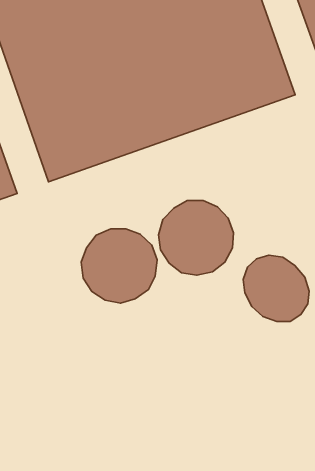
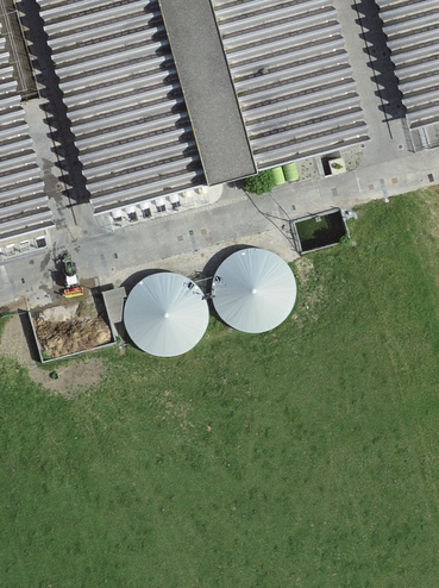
building: [243,255,309,322] -> none

